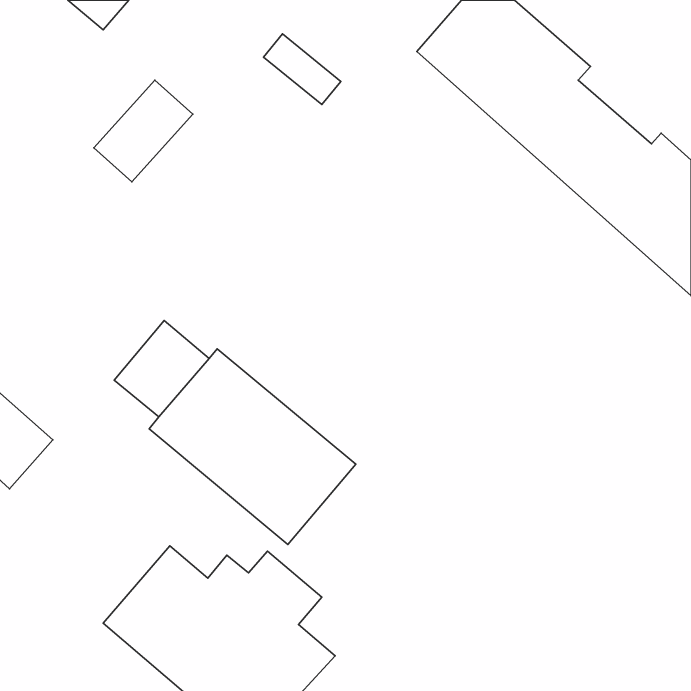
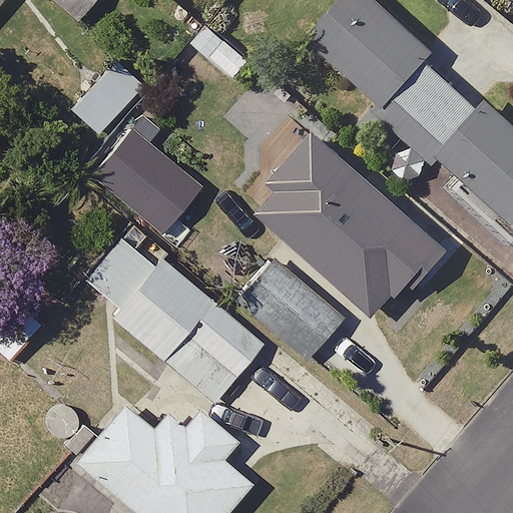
building: none -> [89,130,200,236]
building: none -> [255,132,451,321]
building: none -> [234,256,344,362]

